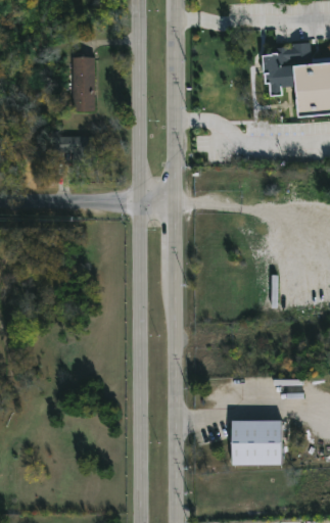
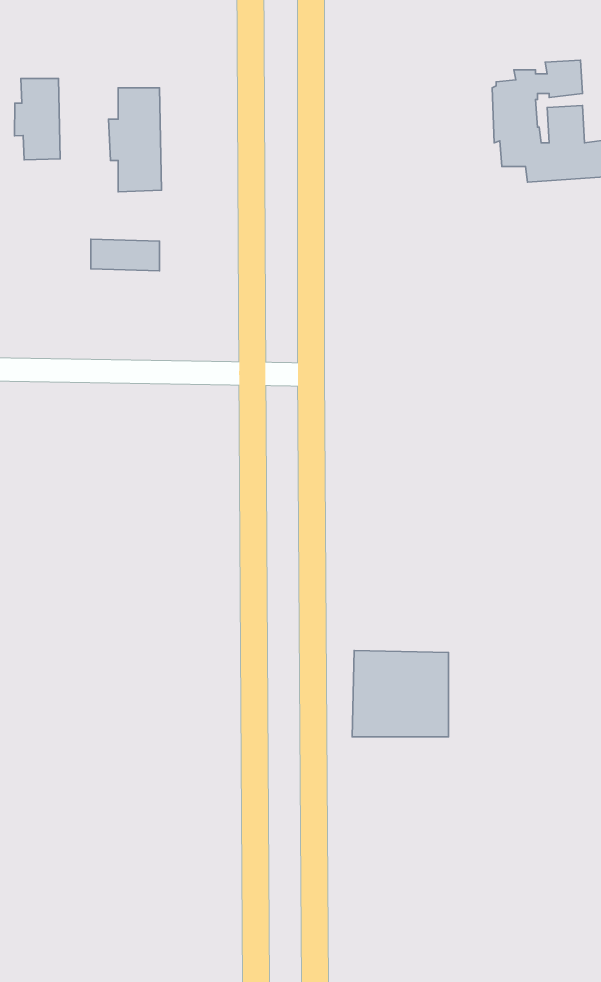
building: none -> [14,78,60,160]
building: [232,420,282,465] -> [352,650,449,737]

